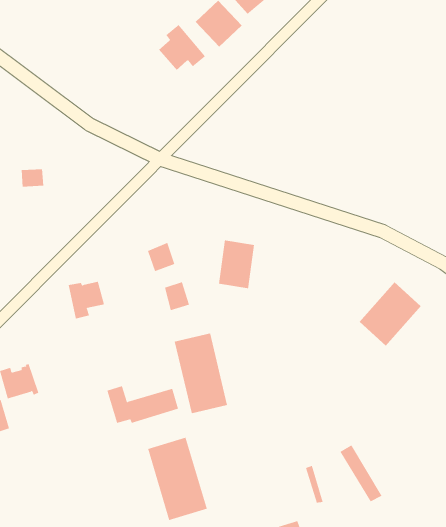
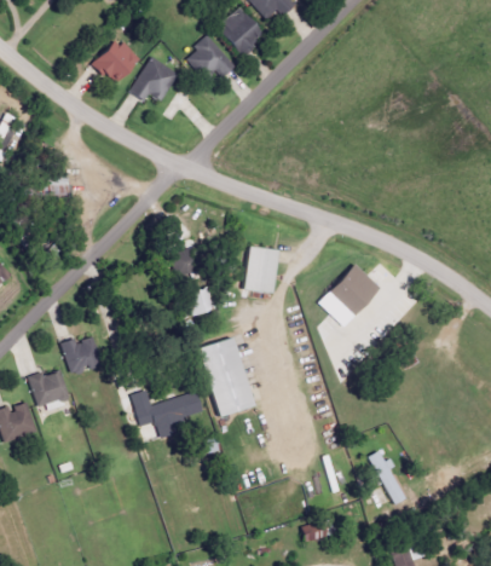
building: none -> [88,39,137,82]
building: none -> [127,57,177,102]
building: [68,281,105,319] -> [64,339,100,376]
building: [359,282,421,346] -> [319,264,381,328]
building: [147,437,207,521] -> none

